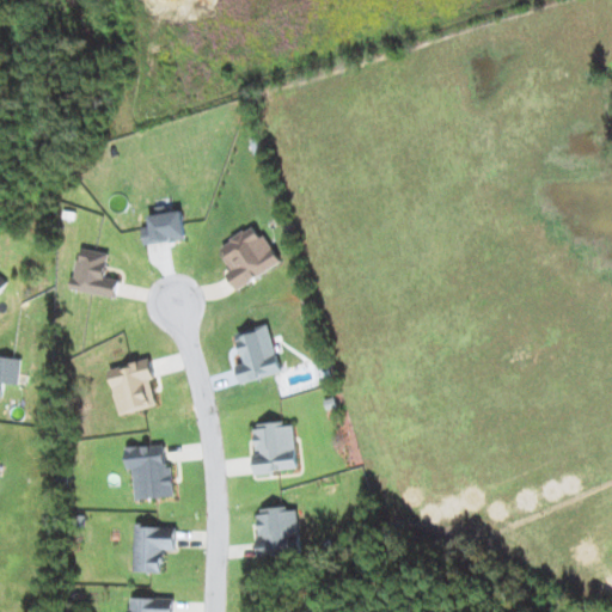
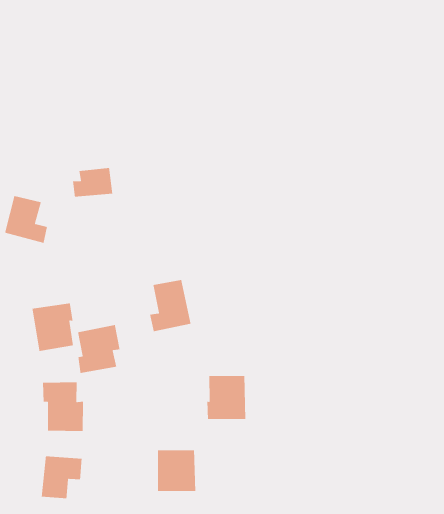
building: [218,224,279,290] -> none
building: none -> [77,324,121,374]
building: [252,422,296,473] -> [207,375,246,420]

